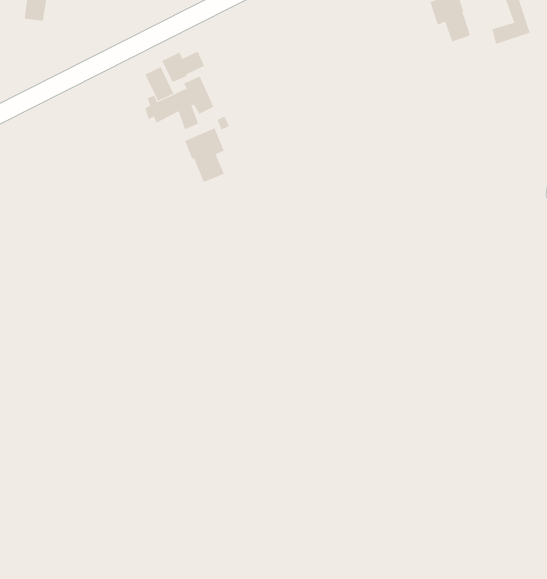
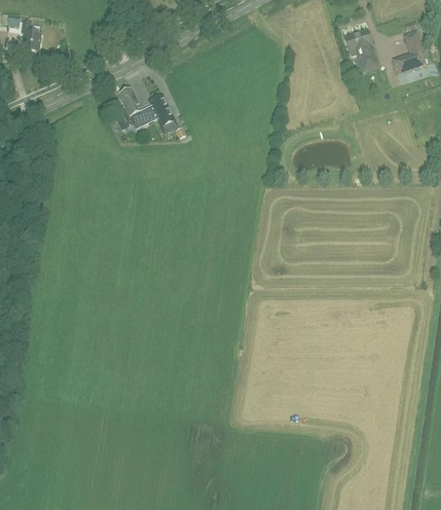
building: [162,51,205,83] -> none
building: [184,127,225,183] -> none

